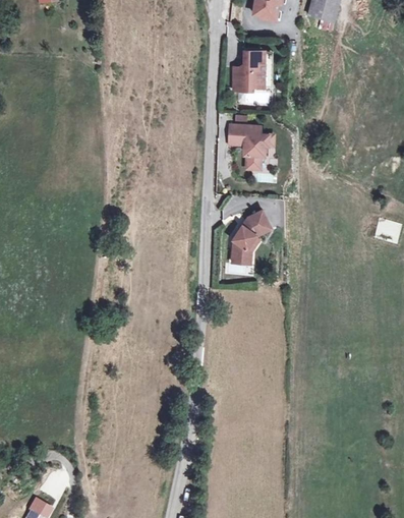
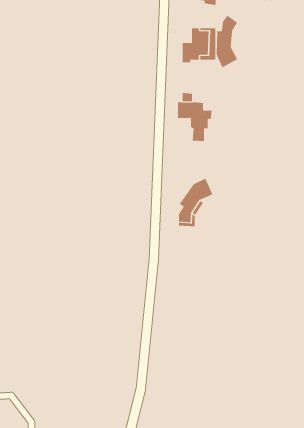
building: none -> [216,15,238,68]

